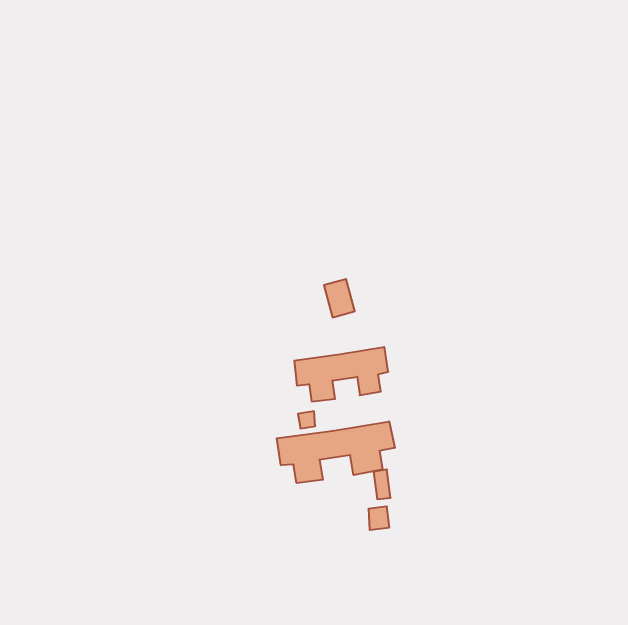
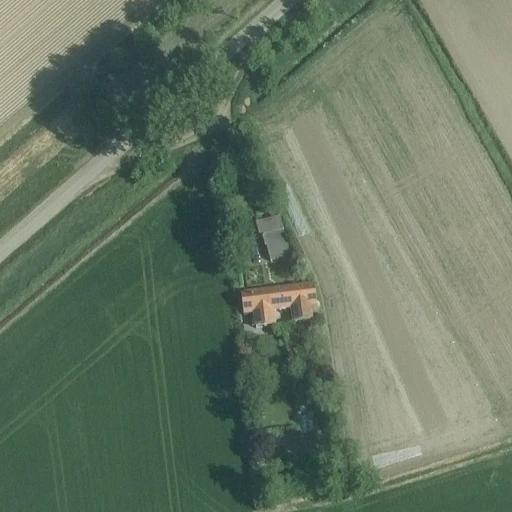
building: [277,421,395,483] -> none

